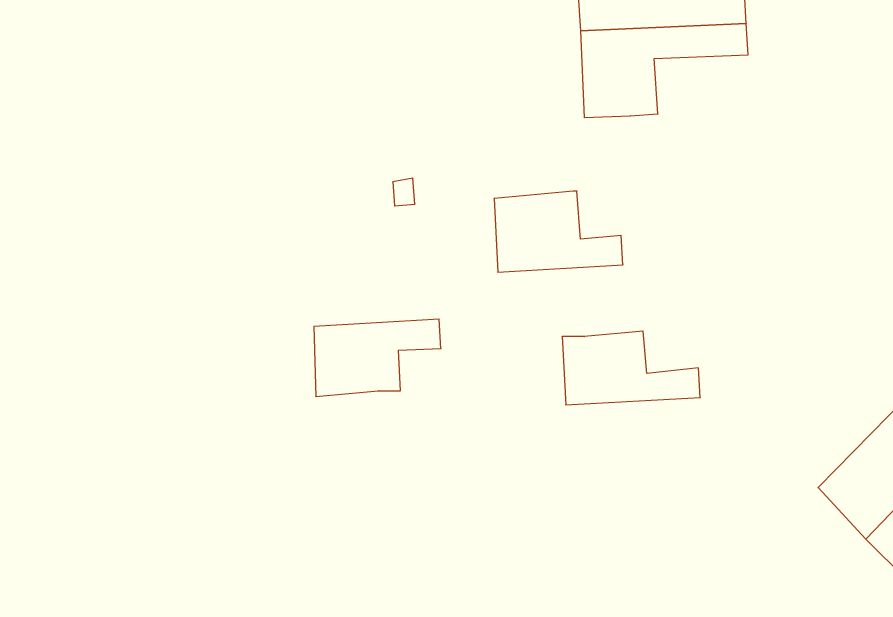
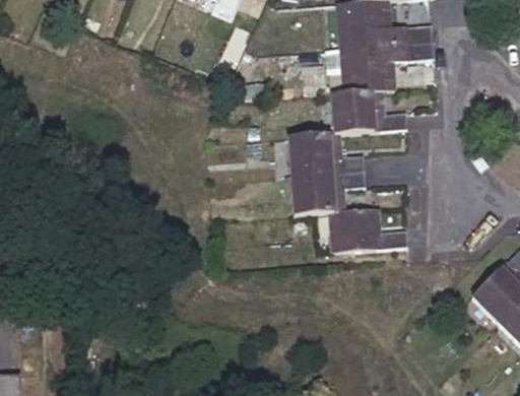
building: none -> [332,92,405,134]
building: [314,319,441,396] -> [294,175,364,217]

